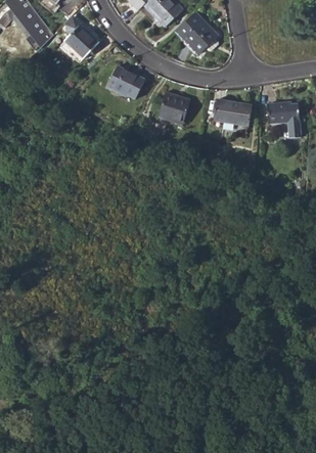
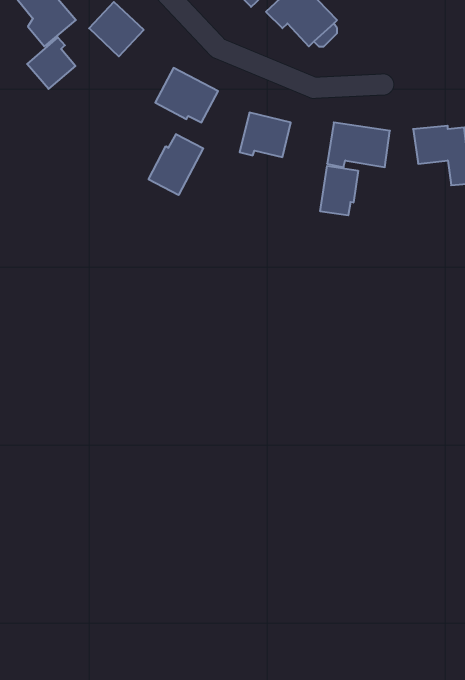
building: none -> [27,37,75,89]
building: none -> [149,134,203,195]
building: none -> [320,166,358,215]

